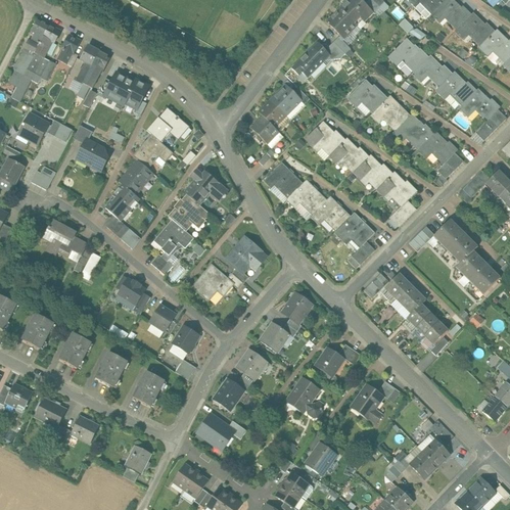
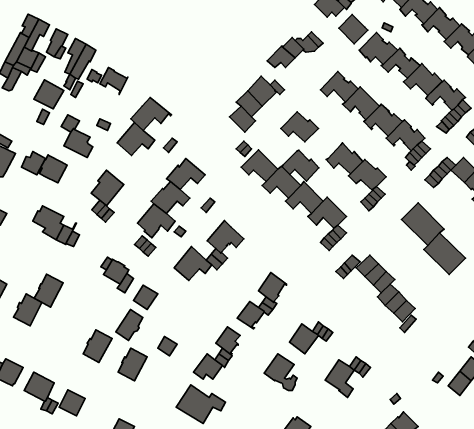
building: [326,8,357,39] -> [339,15,368,44]
building: [17,112,49,143] -> [34,80,64,109]
building: [329,138,368,171] -> [282,150,319,181]
building: [119,159,152,194] -> none
building: none -> [40,155,67,183]
building: [169,326,197,359] -> [116,310,143,341]
building: [59,332,90,367] -> [34,274,63,307]

